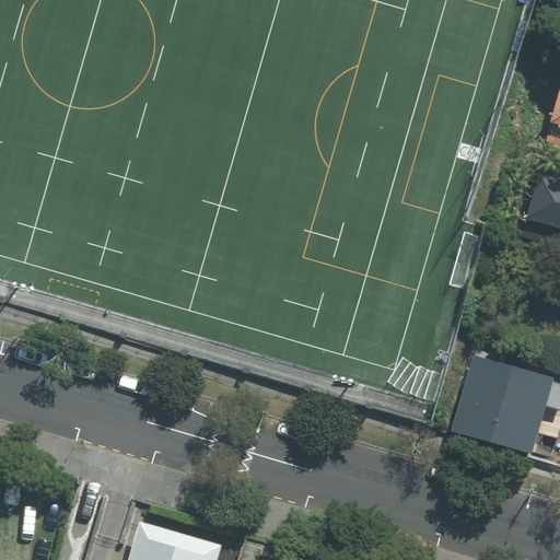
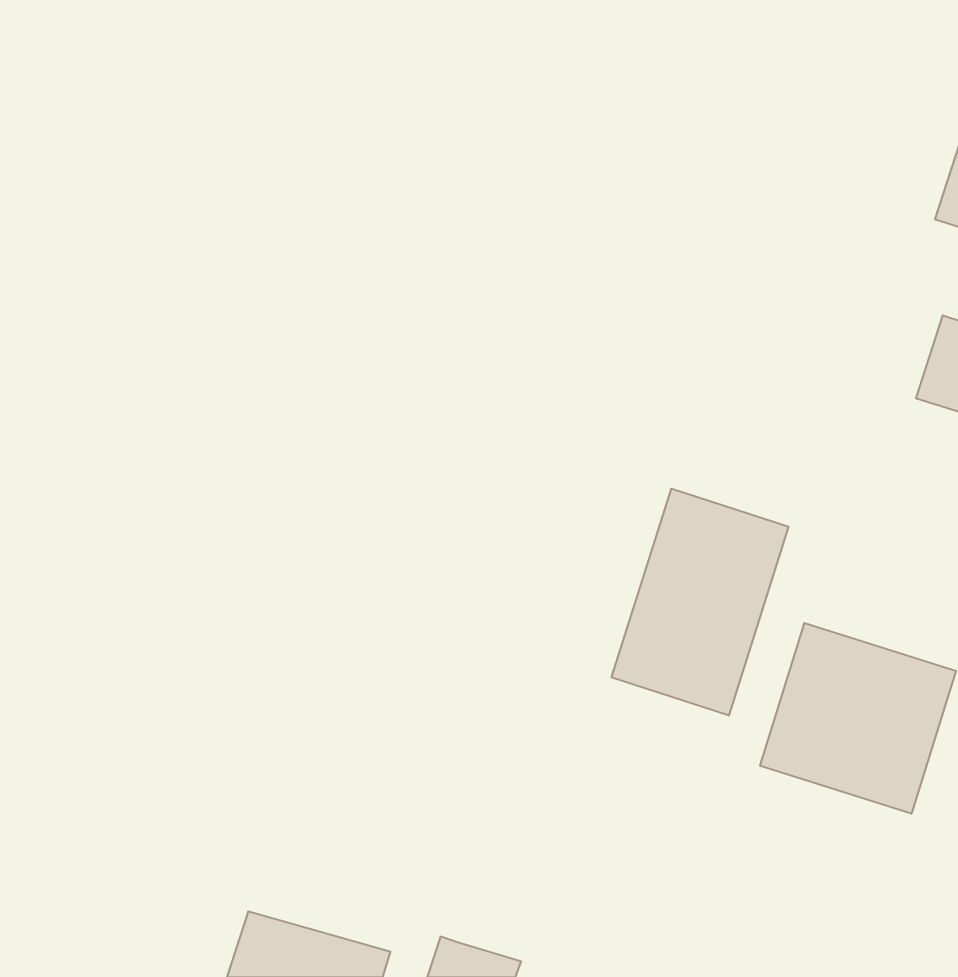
building: none -> [612,489,788,716]

